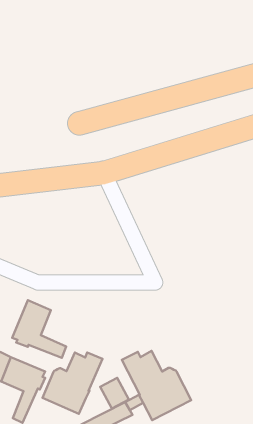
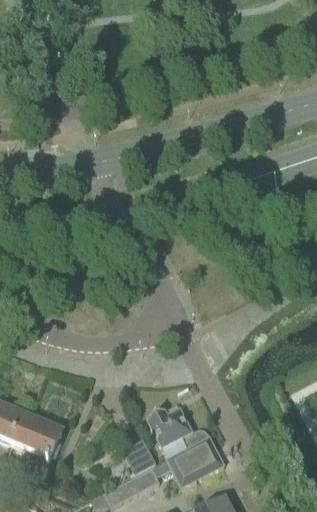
building: [12,300,66,358] -> none
building: [42,352,102,414] -> none

